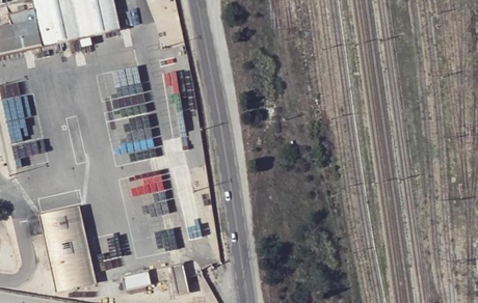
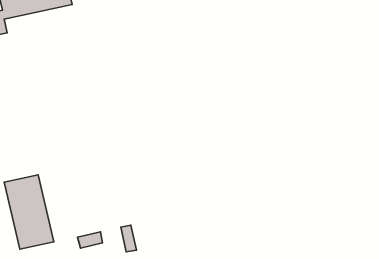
building: [39,12,121,45] -> none

